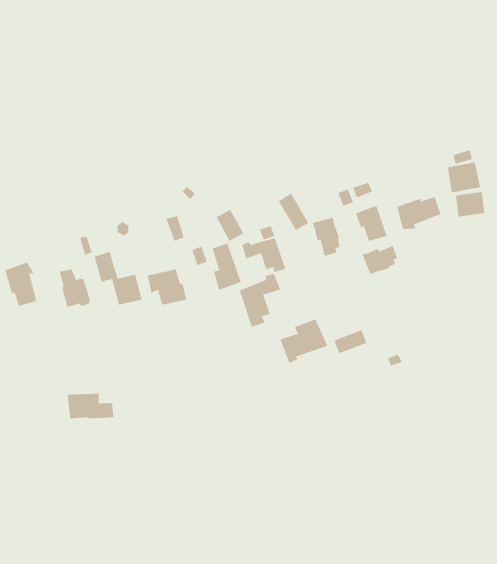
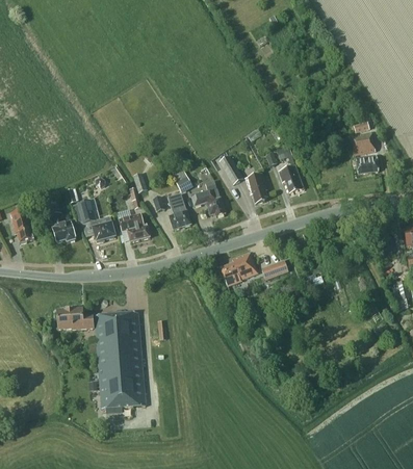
building: [397,196,441,230] -> none
building: [362,245,398,275] -> none
building: [239,273,281,327] -> none
building: none -> [94,312,145,409]

